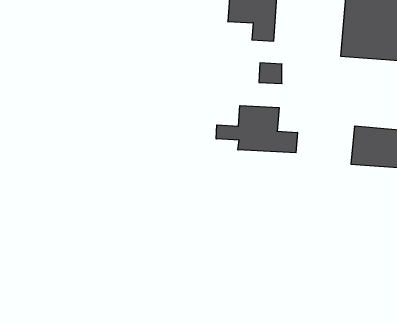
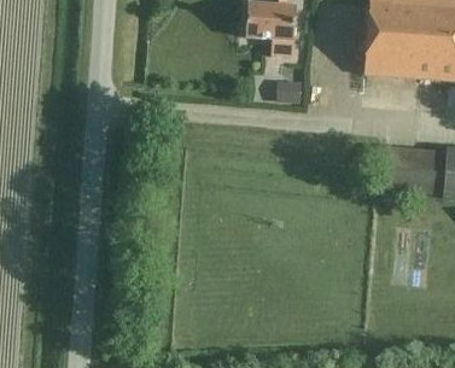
building: [216,106,297,153] -> none

